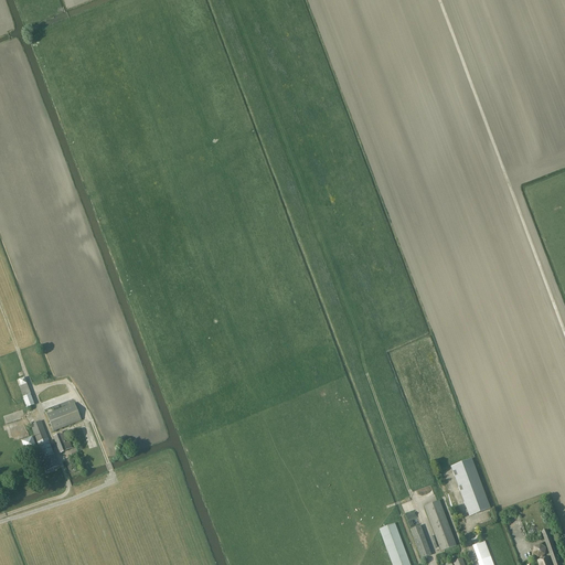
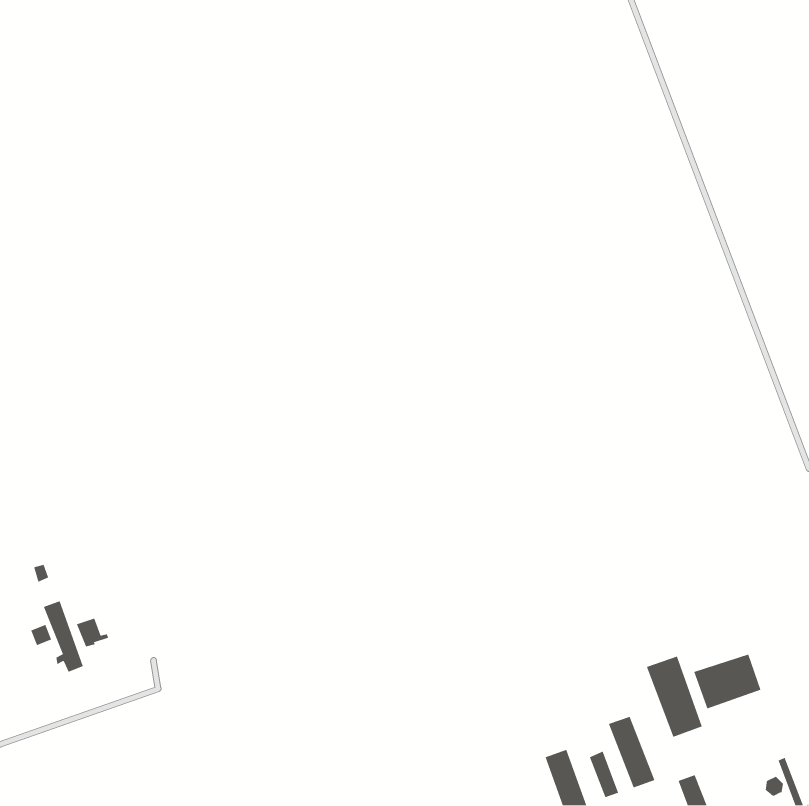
building: [46,401,82,429] -> none
building: none -> [693,653,762,710]

